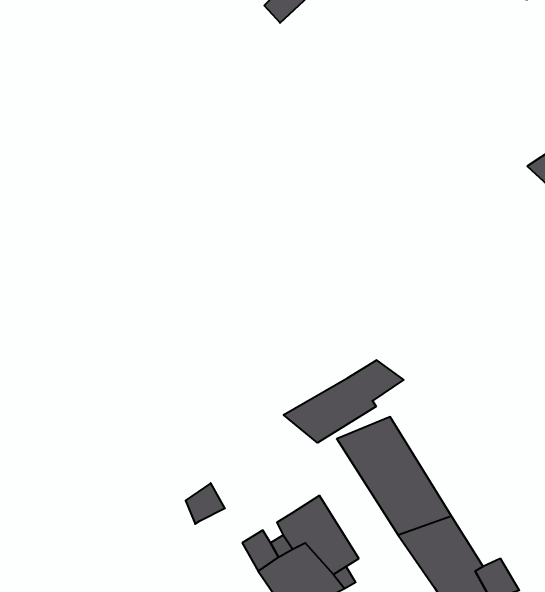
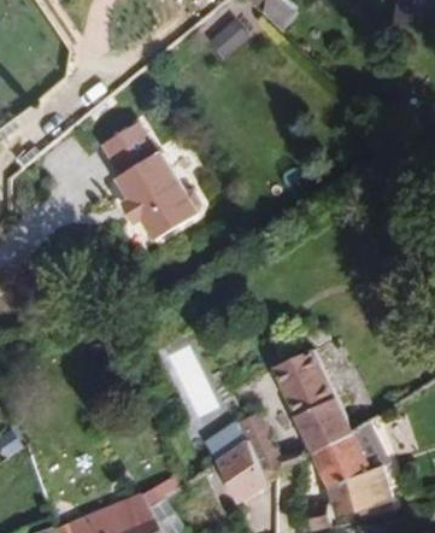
building: none -> [113,123,214,248]
building: [284,360,404,443] -> none

